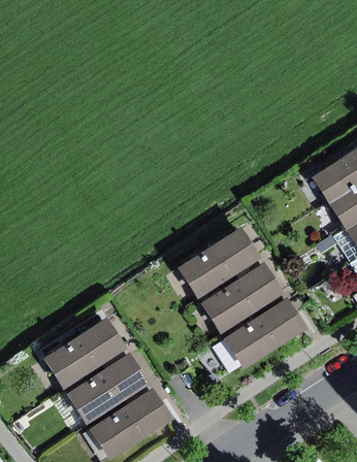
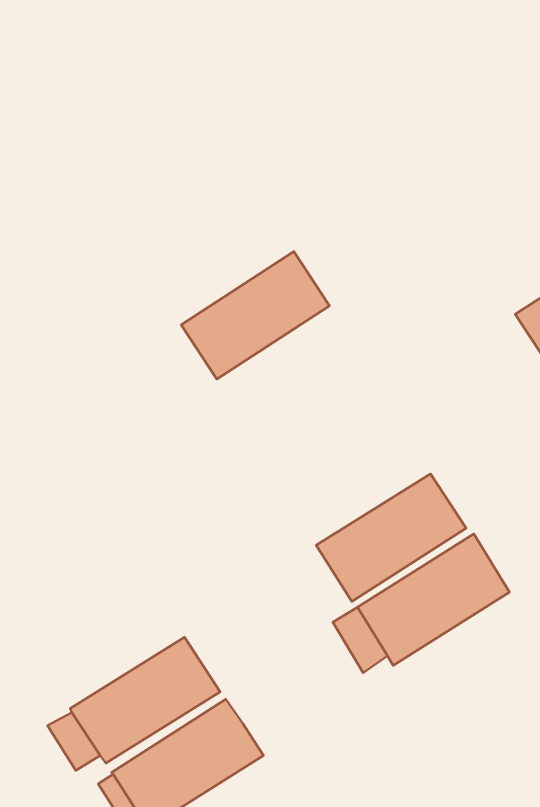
building: [180,227,261,297] -> [181,251,330,379]
building: [43,316,127,389] -> none

